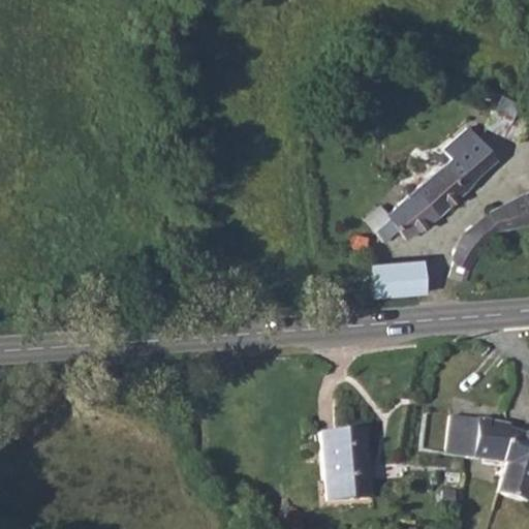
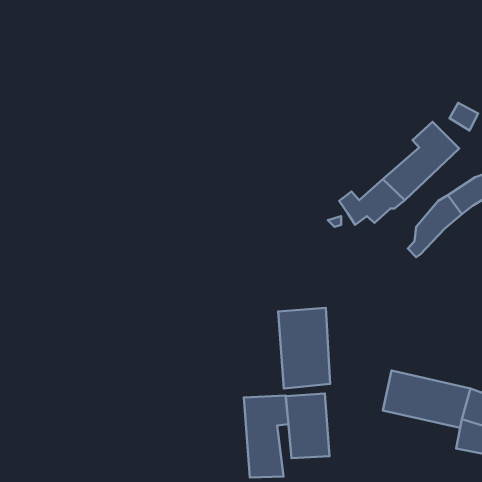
building: [368,255,427,293] -> none
building: none -> [278,308,330,388]
building: none -> [244,395,288,478]

